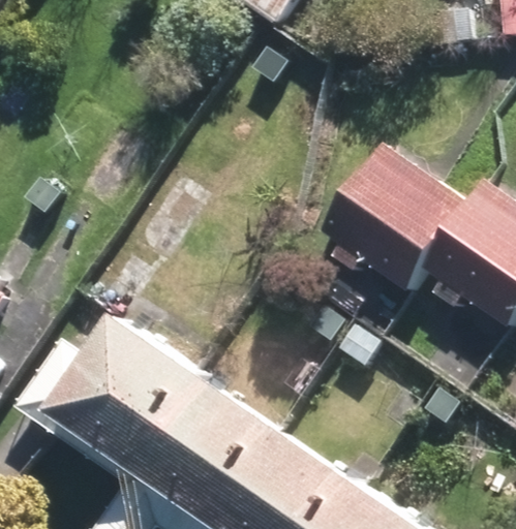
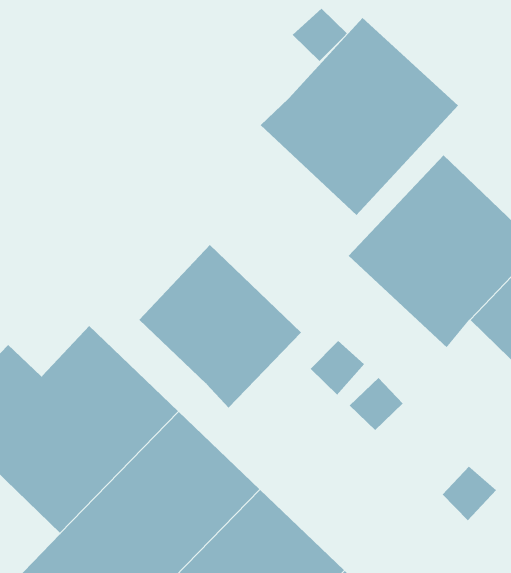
building: none -> [260,17,459,216]
building: none -> [139,244,302,408]

